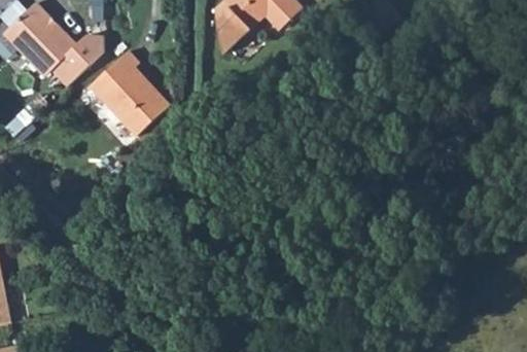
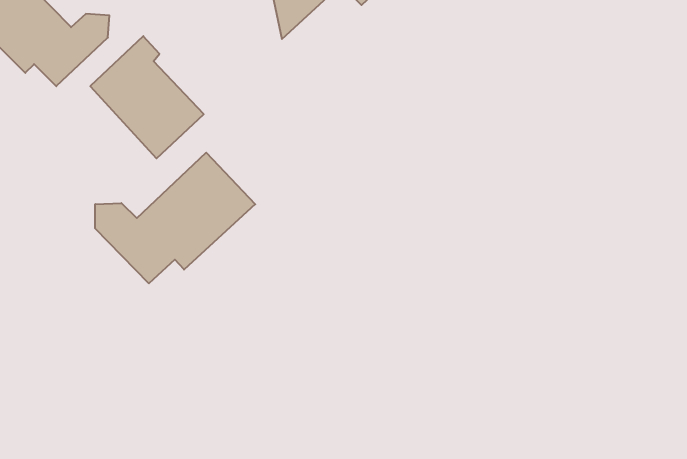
building: none -> [95,153,255,283]

